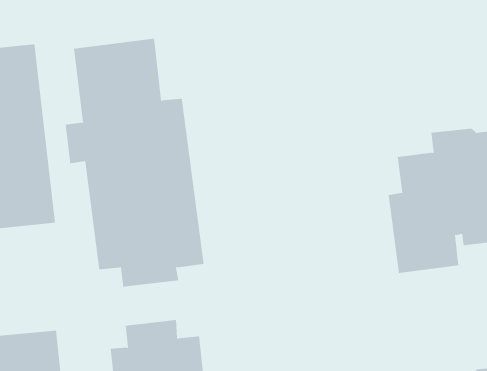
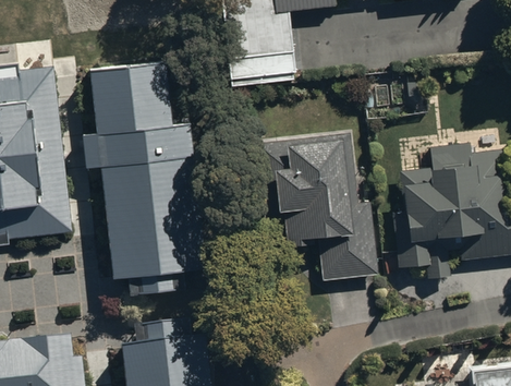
building: none -> [258,131,375,282]

